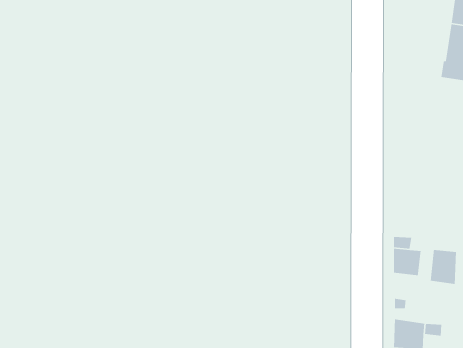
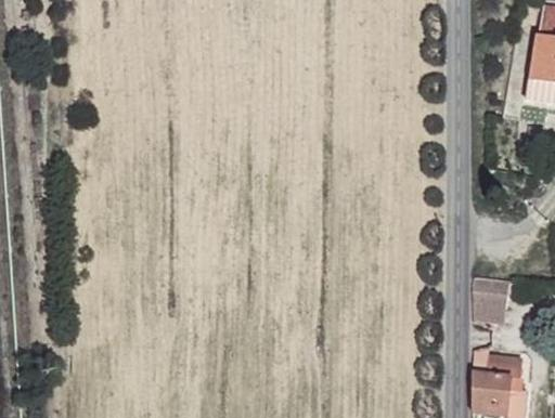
building: [430,249,457,285] -> none

